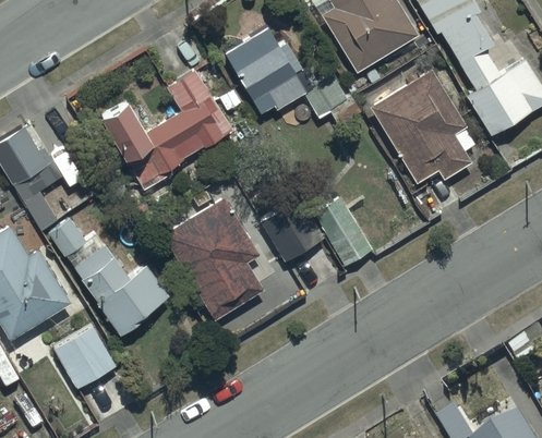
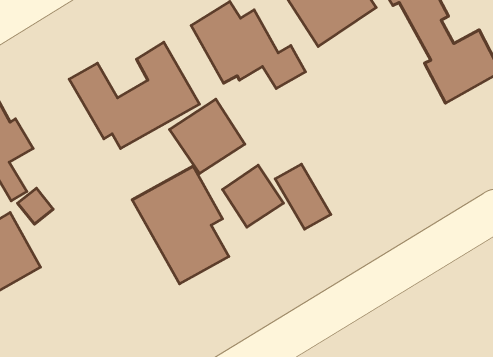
building: [371,66,475,183] -> none
building: none -> [170,99,245,173]
building: [73,247,171,334] -> none
building: [56,328,115,387] -> none

